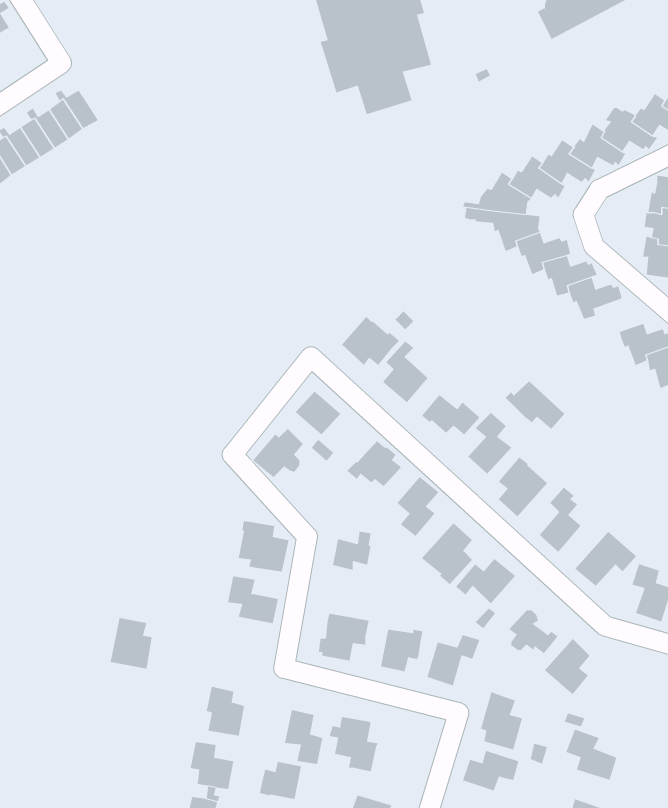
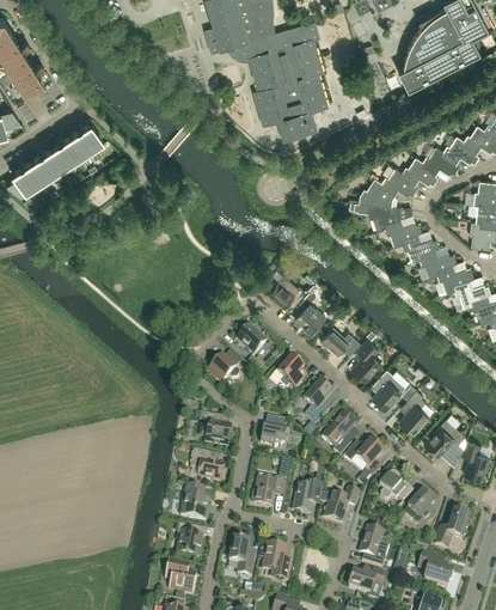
building: none -> [436,266,473,294]
building: [505,381,565,430] -> none
building: [110,618,153,669] -> [180,487,209,521]
building: none -> [435,513,470,550]
building: [259,761,302,800] -> none

